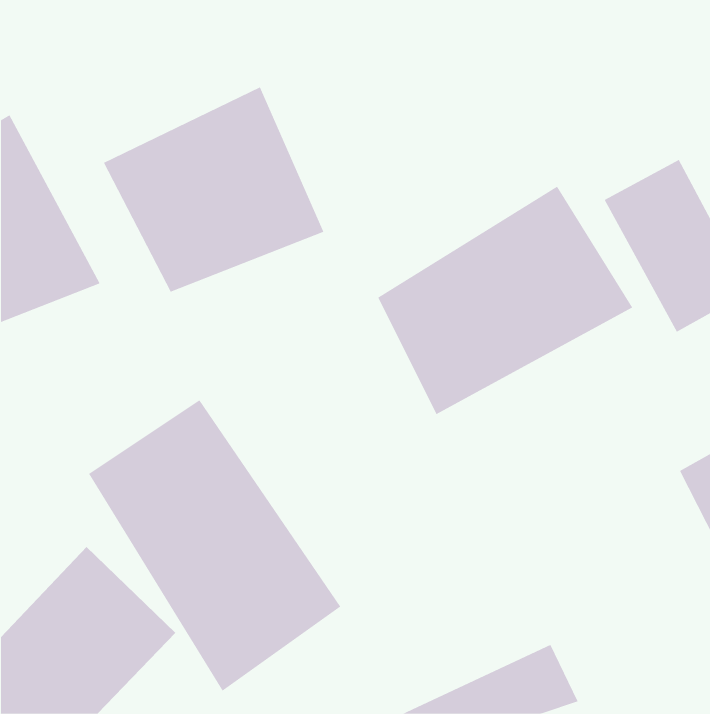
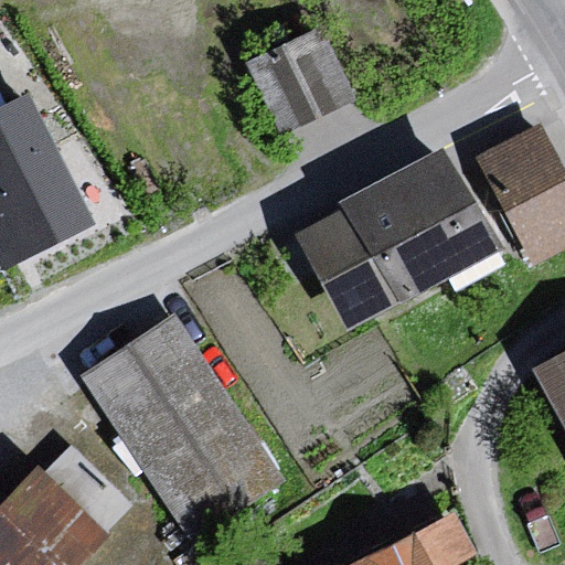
building: none -> [250,25,361,136]
building: [103,87,324,292] -> none

